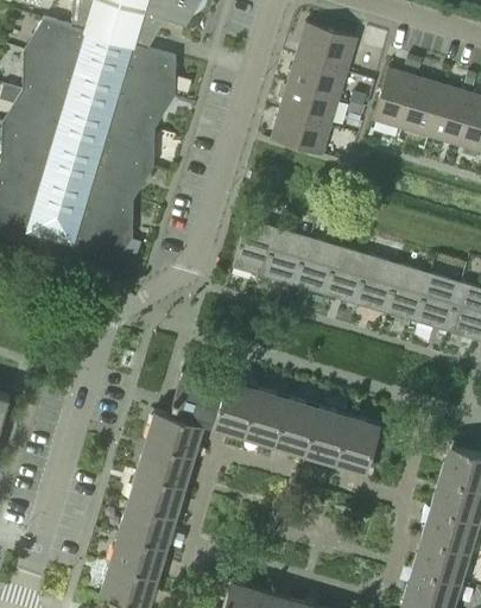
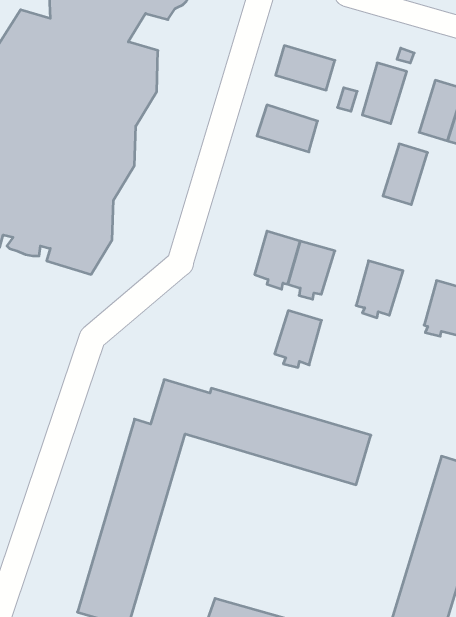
building: [298,23,356,66] -> none
building: [400,77,443,135] -> [383,144,428,205]
building: [281,81,338,125] -> none
building: [235,220,281,277] -> none
building: [334,249,379,304] -> [275,311,322,367]
building: [399,268,444,323] -> none

